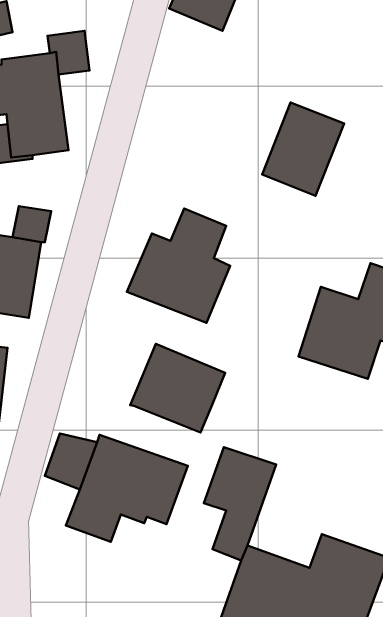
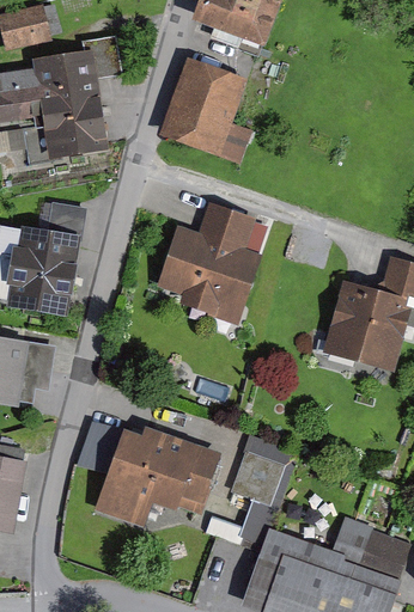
building: [262,102,344,196] -> [165,60,244,149]
building: [130,344,225,433] -> none

